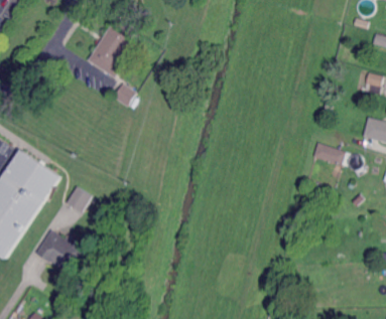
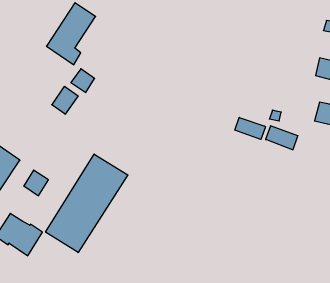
building: none -> [52,86,78,114]
building: none -> [235,117,265,139]
building: none -> [46,154,128,253]

